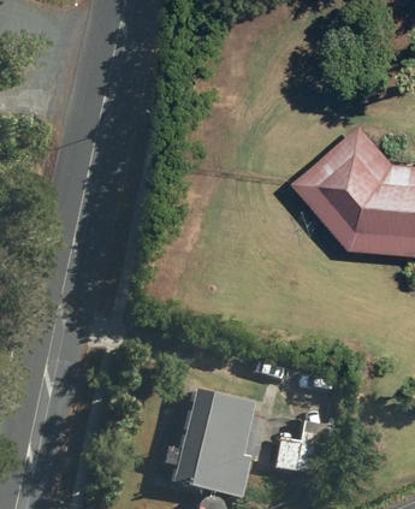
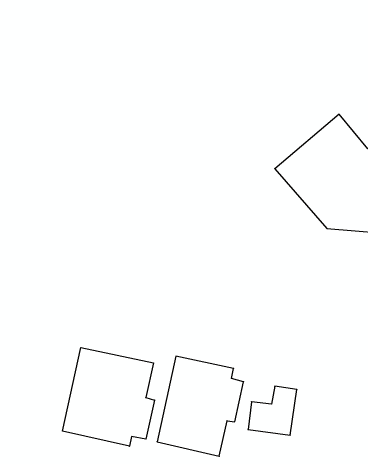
building: none -> [63,348,155,446]

